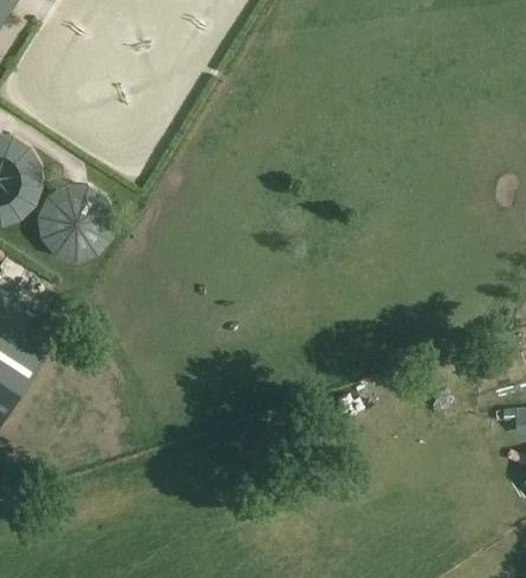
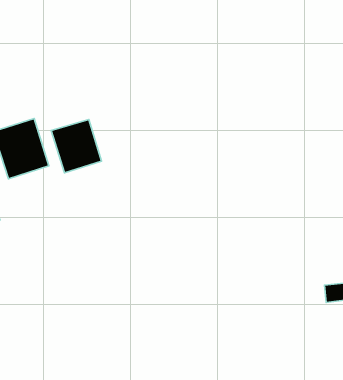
building: none -> [51,120,102,173]

